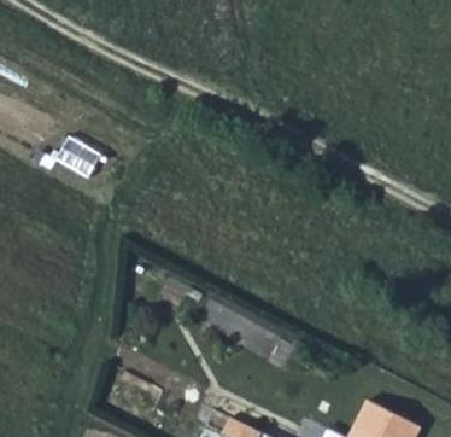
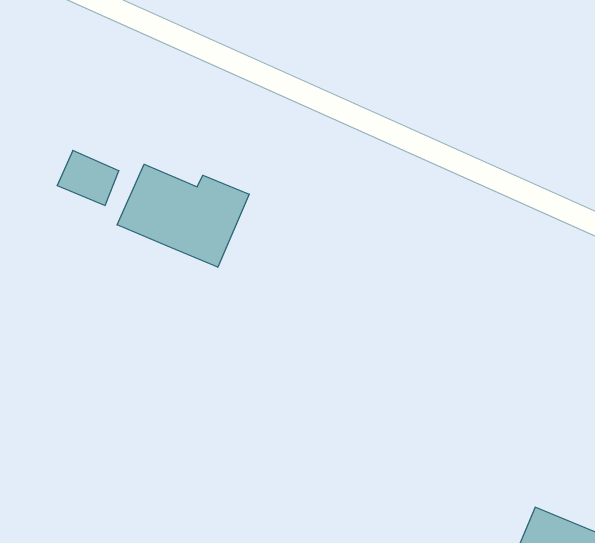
building: none -> [117,164,249,267]

